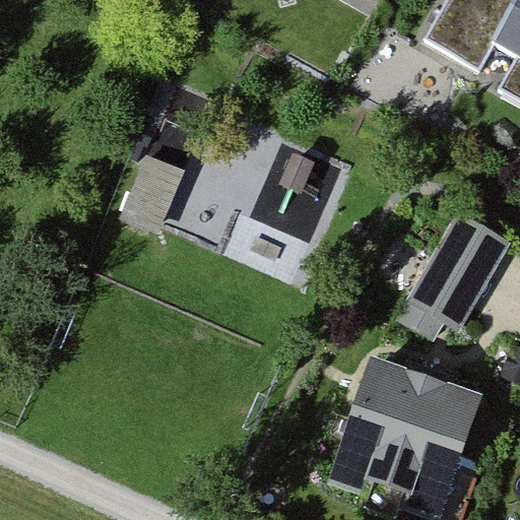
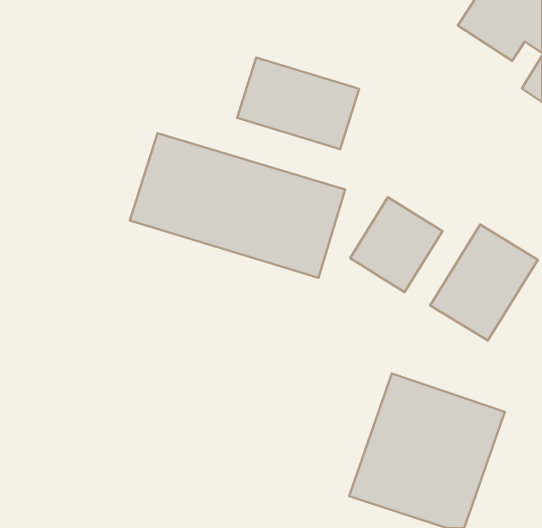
building: none -> [237,57,359,149]
building: none -> [350,197,442,292]

